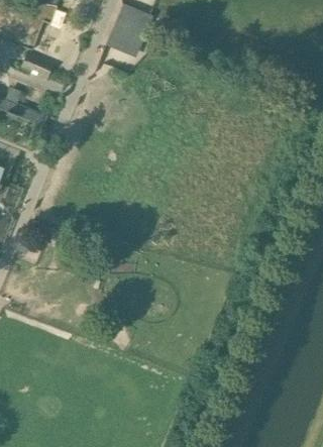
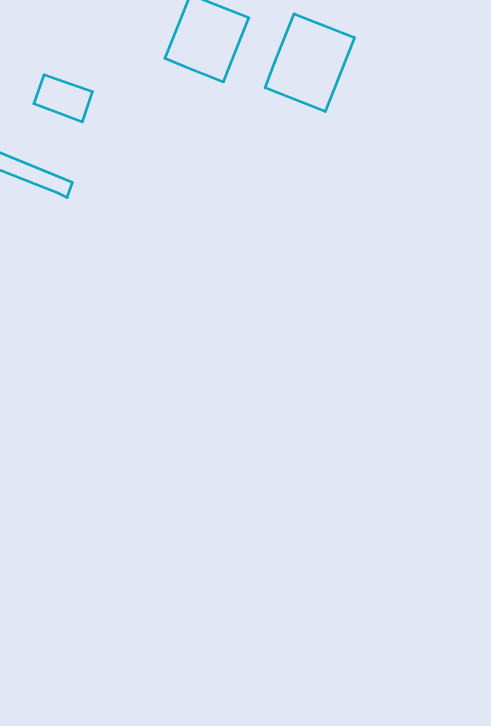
building: none -> [265,14,354,112]

